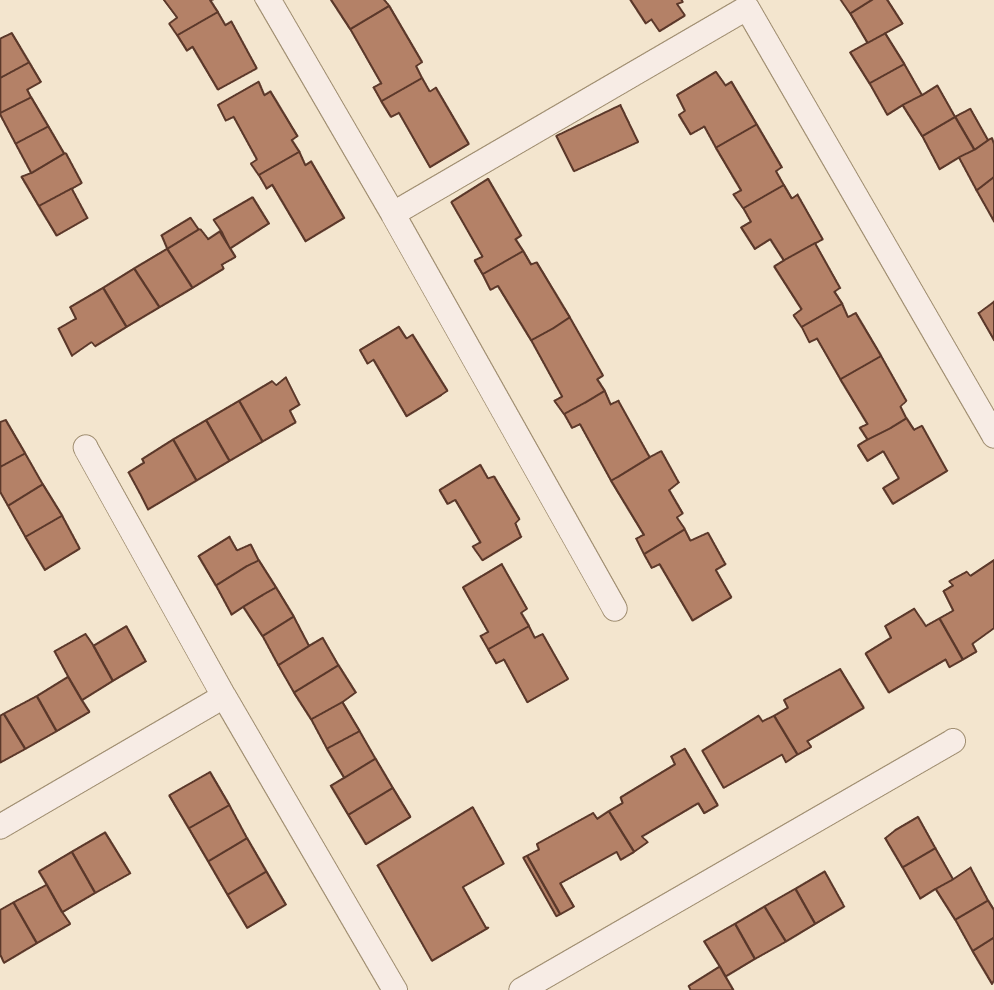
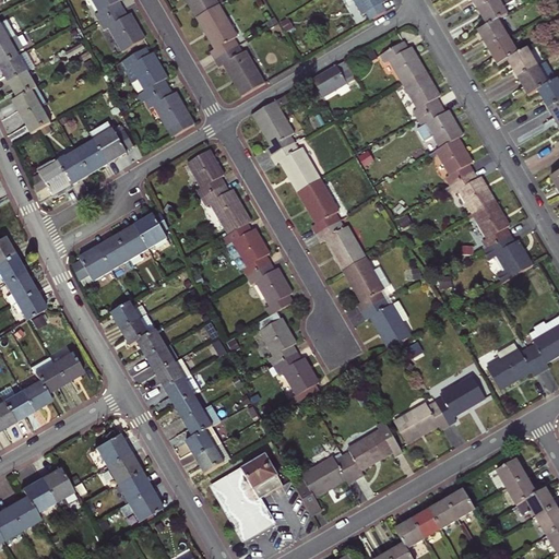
building: [214,197,269,248] -> none
building: none -> [187,150,224,197]
building: none -> [222,222,270,275]

